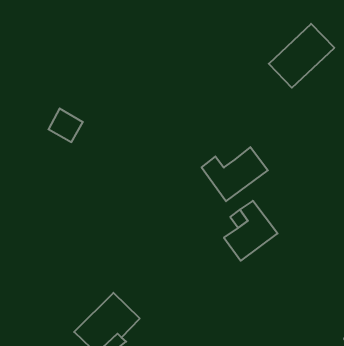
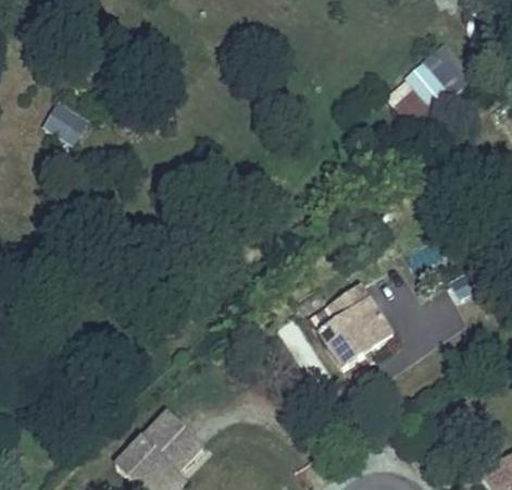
building: [48,108,83,142] -> [39,99,86,145]
building: [202,147,268,201] -> none

